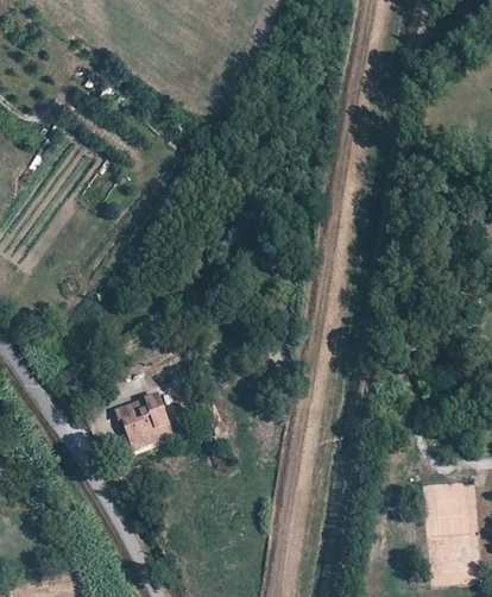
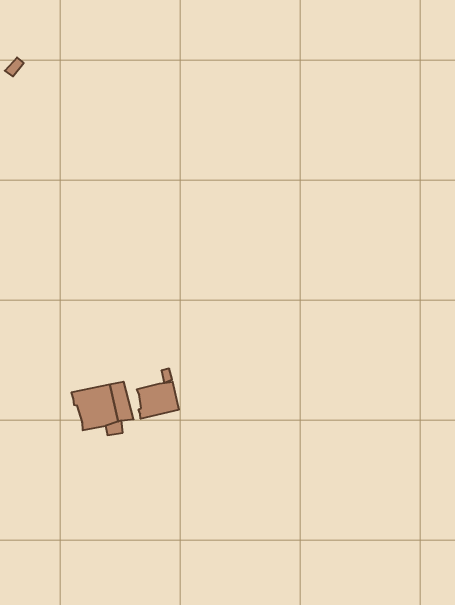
building: none -> [137,382,179,419]

